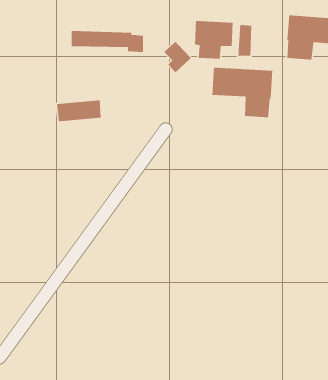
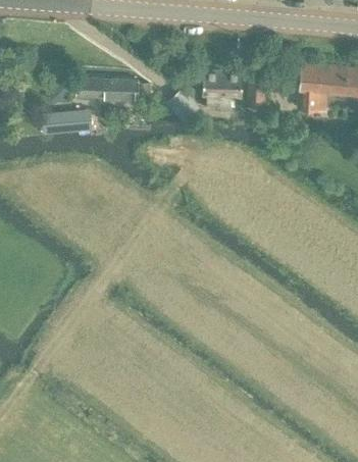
building: [212,67,273,118] -> none
building: [56,99,102,122] -> [44,107,91,131]

